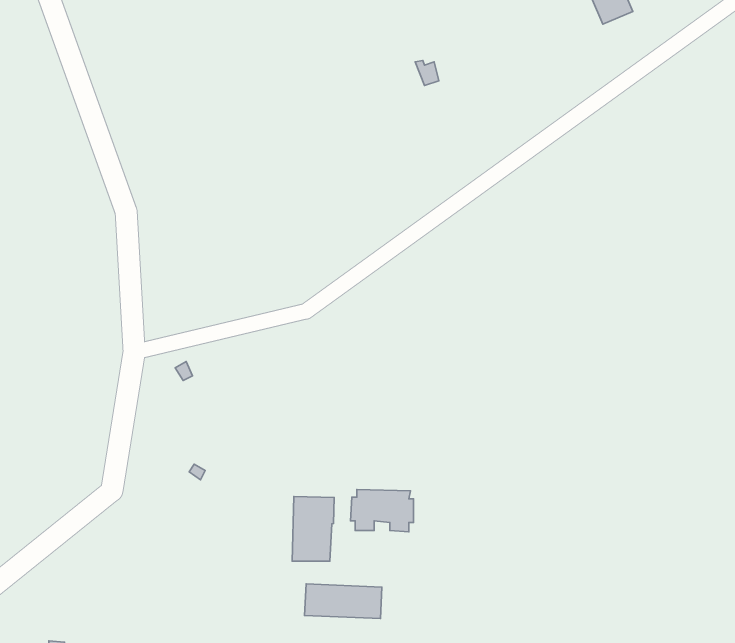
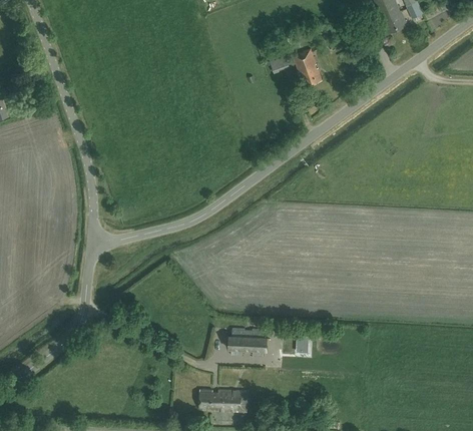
building: none -> [292,49,322,88]
building: [292,497,334,561] -> none

